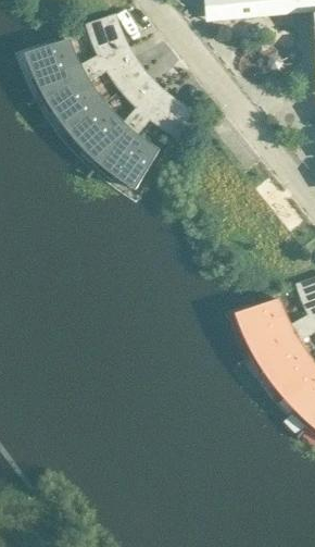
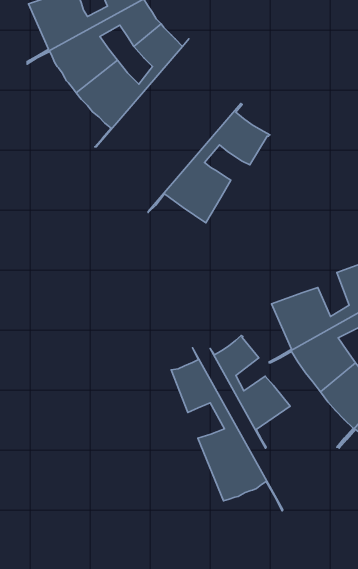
building: [86,84,191,187] -> [148,103,270,223]
building: none -> [210,336,290,448]
building: none -> [171,348,283,511]

